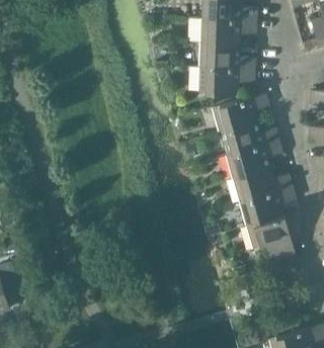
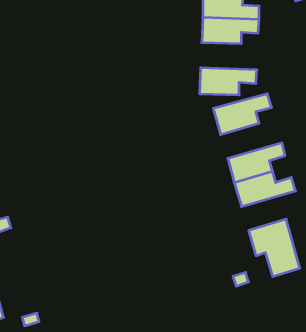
building: [200,42,255,69] -> none
building: [220,120,279,155] -> none
building: [240,186,297,225] -> none

